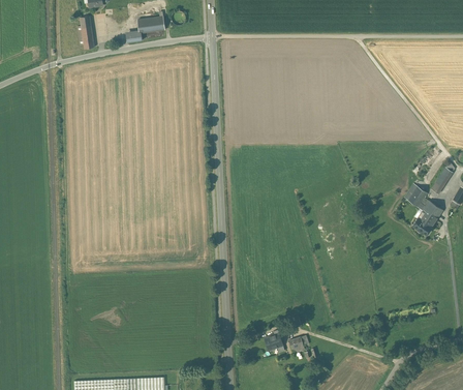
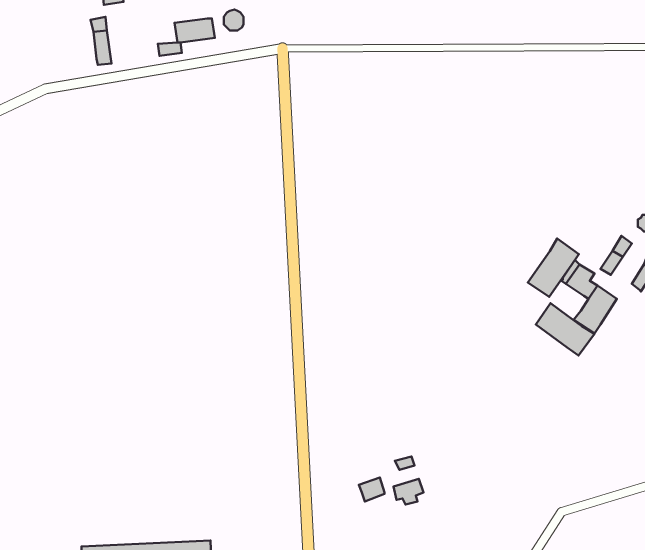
building: none -> [528,238,579,297]
building: none -> [536,303,595,355]

